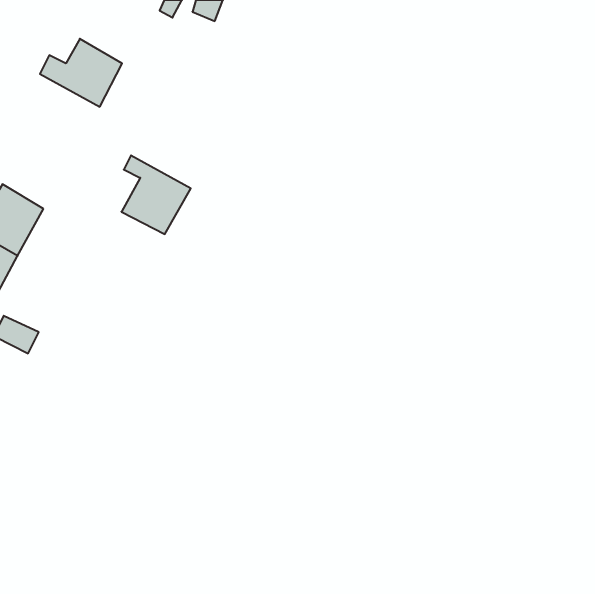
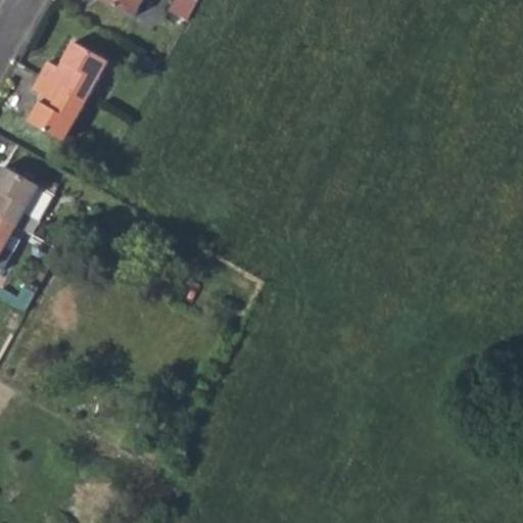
building: [121,155,191,234] -> [27,69,87,138]

